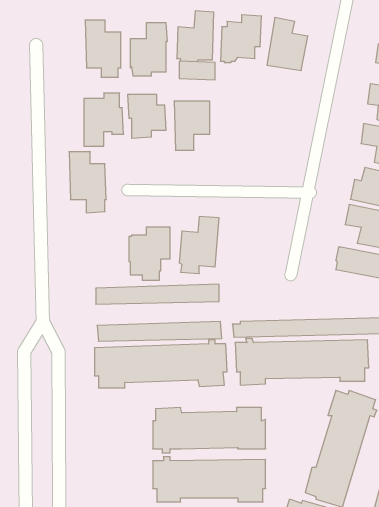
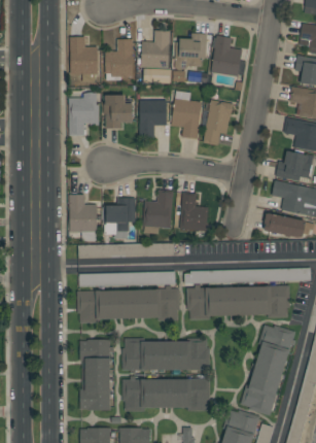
building: none -> [171,91,202,139]
building: none -> [203,100,234,146]
building: [69,152,106,213] -> [69,195,98,242]
building: none -> [179,192,210,237]
building: none -> [80,339,114,410]

